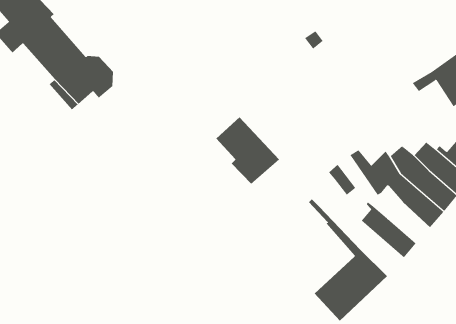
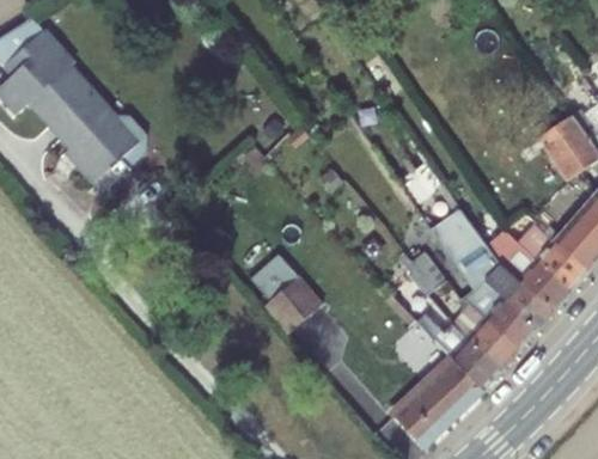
building: [215,116,280,185] -> [244,246,324,331]
building: none -> [460,276,538,348]
building: none -> [401,294,506,388]

